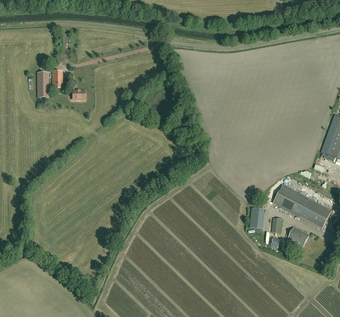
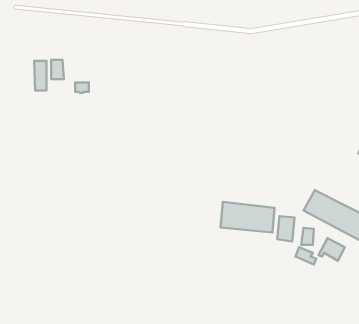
building: none -> [220,202,275,232]

